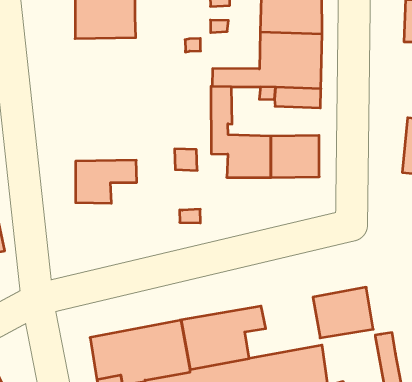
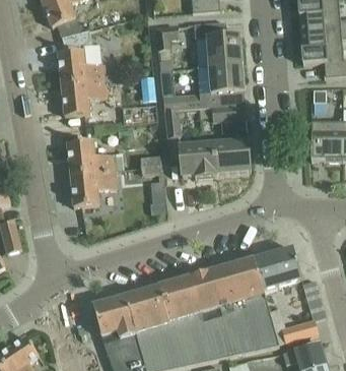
building: none -> [60,80,107,118]
building: none -> [66,141,124,176]
building: none -> [206,258,264,309]

